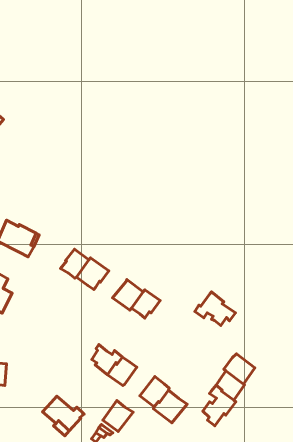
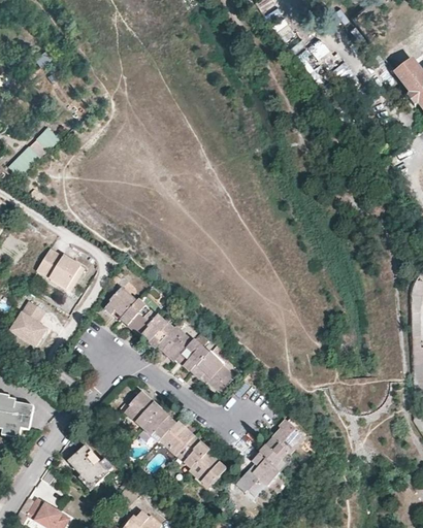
building: none -> [140,314,174,346]
building: [195,292,235,326] -> [191,351,235,389]
building: [103,401,133,432] -> [161,421,195,455]

